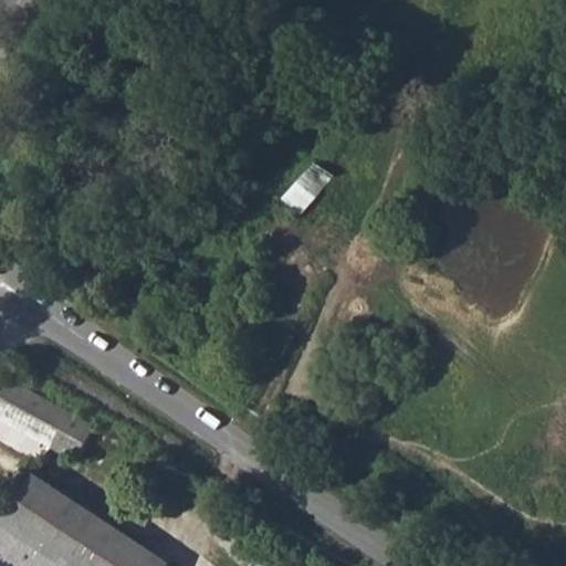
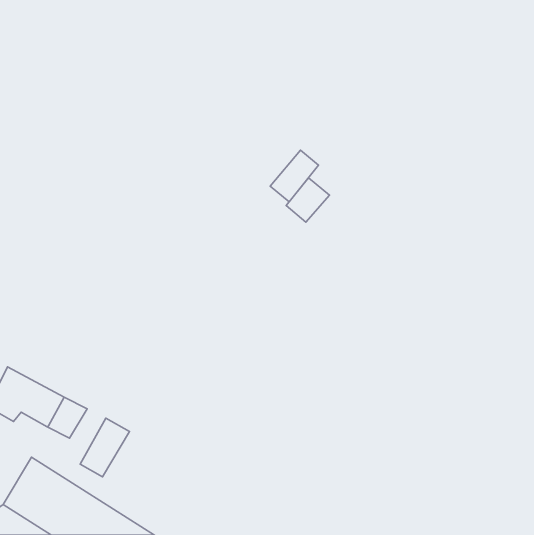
building: none -> [286,178,330,222]
building: none -> [80,418,130,477]

